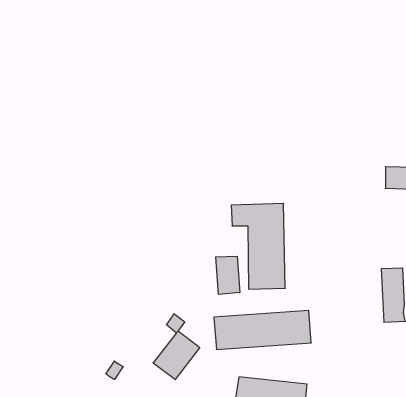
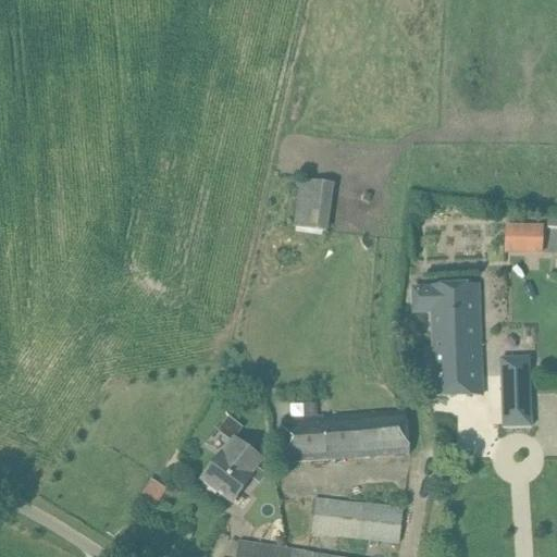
building: none -> [294,176,334,230]
building: [231,204,285,289] -> [412,282,483,394]
building: [216,256,240,294] -> none

